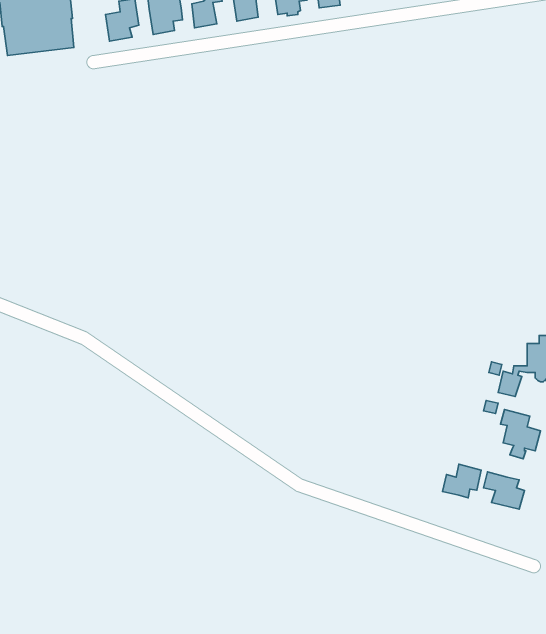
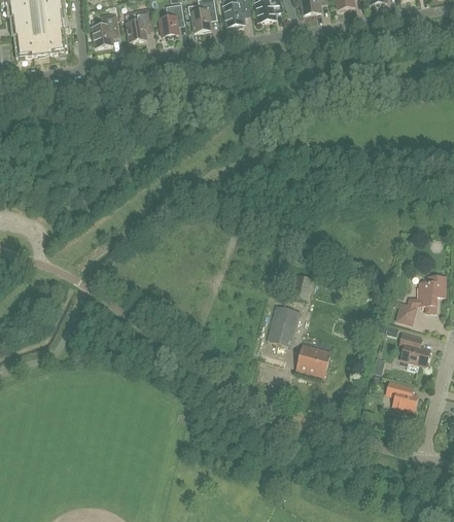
building: none -> [267,305,299,345]
building: none -> [295,344,329,376]
building: [442,464,481,498] -> none

